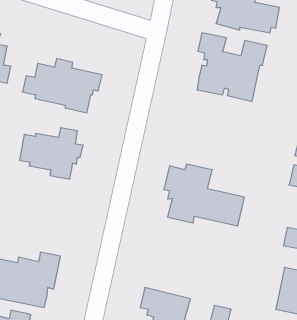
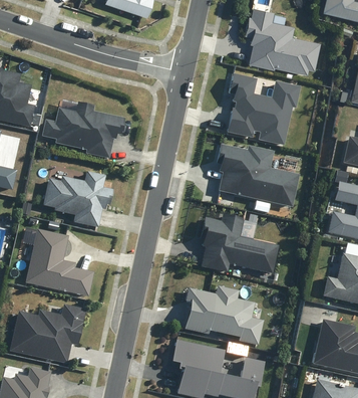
building: none -> [217,142,302,206]
building: none -> [28,229,96,295]
building: none -> [183,288,262,348]

